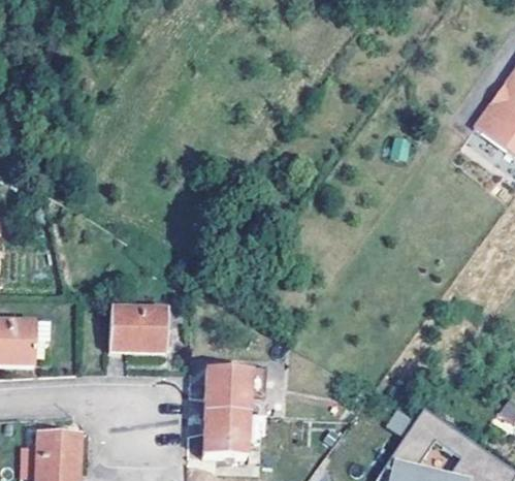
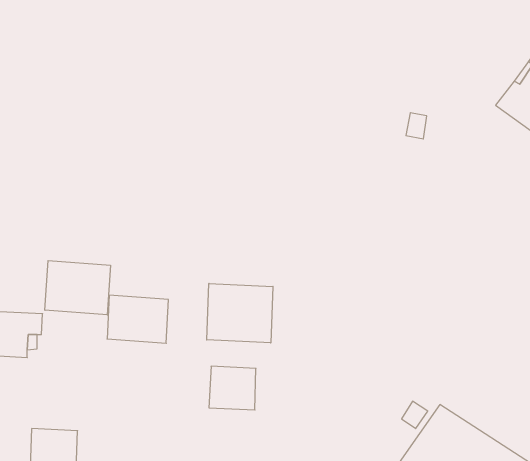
building: none -> [45,261,110,315]
building: none -> [207,283,273,343]
building: [203,413,248,458] -> none

